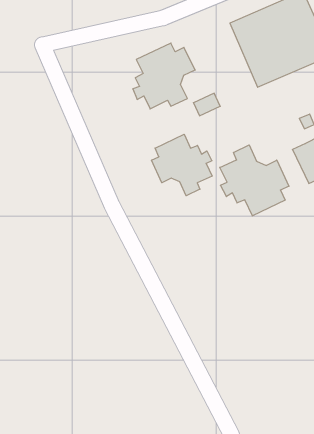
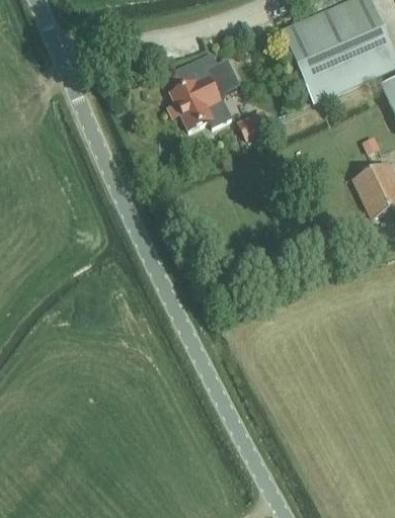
building: [152,134,212,196] -> none
building: [220,145,289,216] -> none

